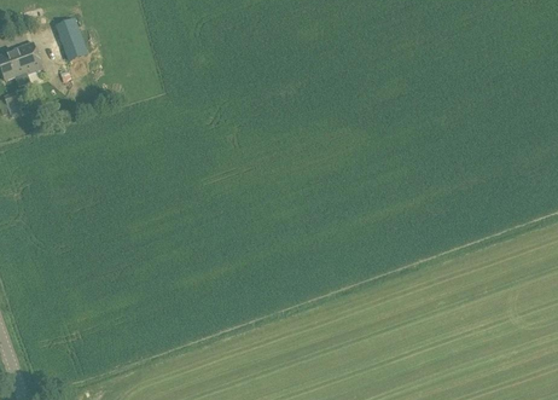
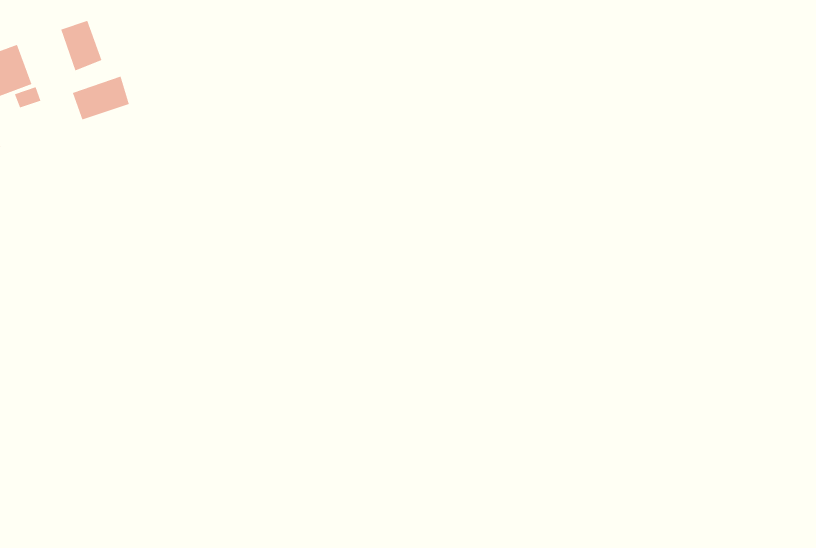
building: none -> [72,75,130,120]

